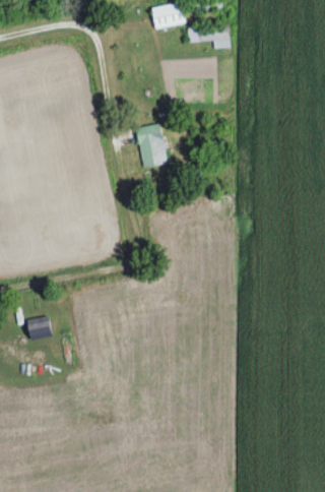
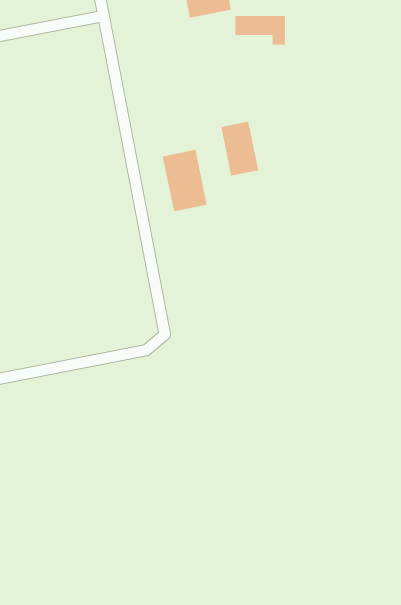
building: none -> [221,121,259,177]
building: [27,316,52,340] -> none

